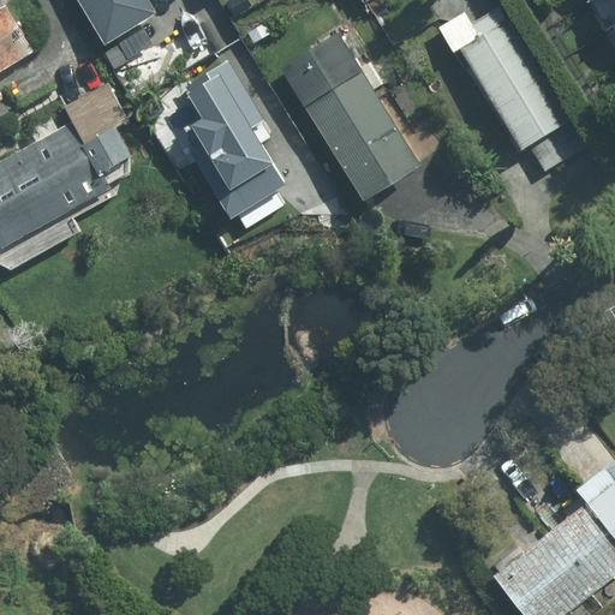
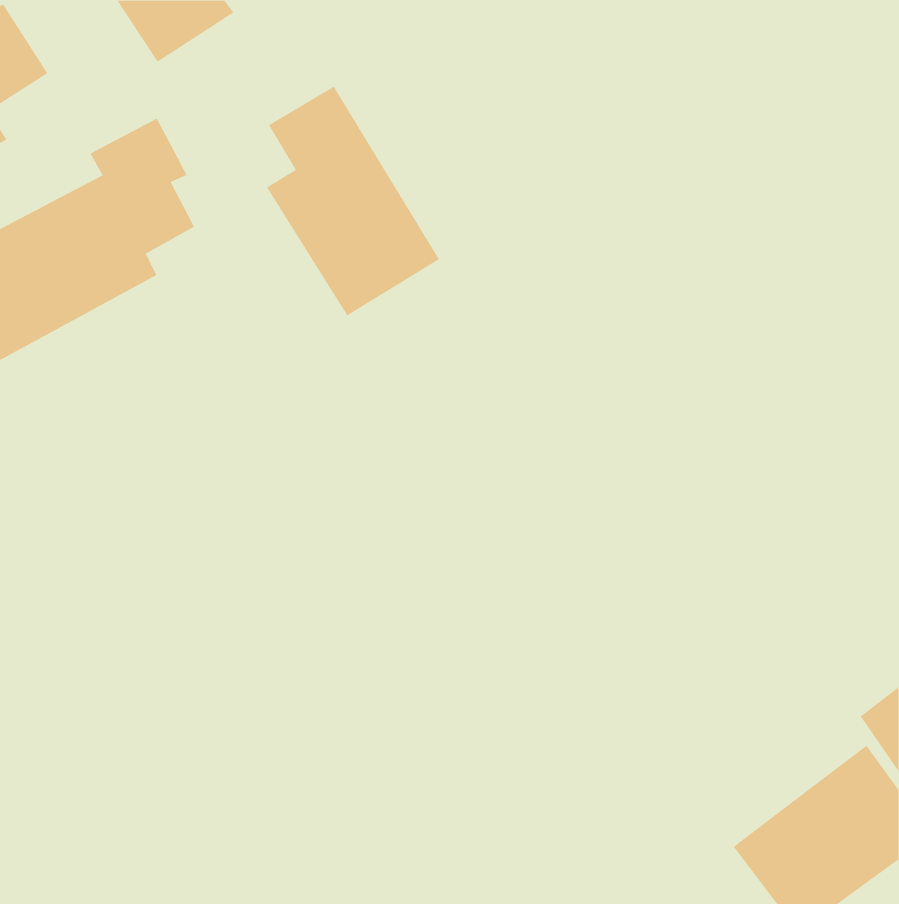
building: [435,13,579,153] -> none
building: [277,34,359,108] -> none
building: [308,77,422,202] -> none

